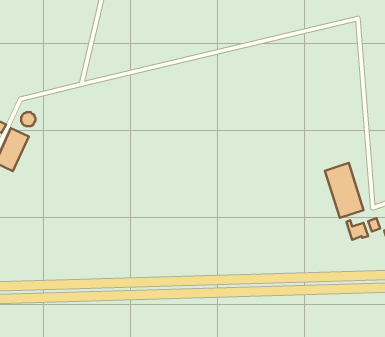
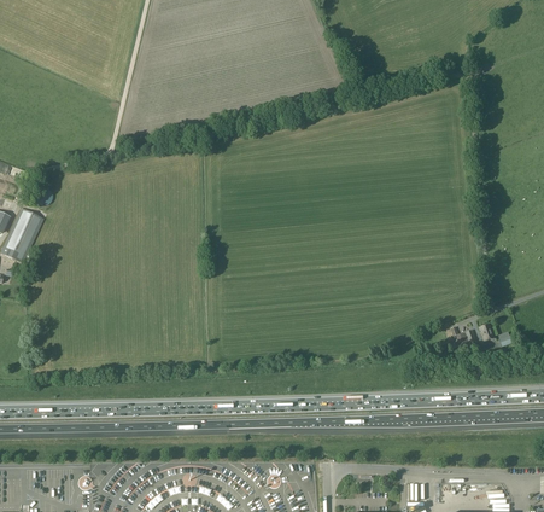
building: [325,163,364,218] -> none

